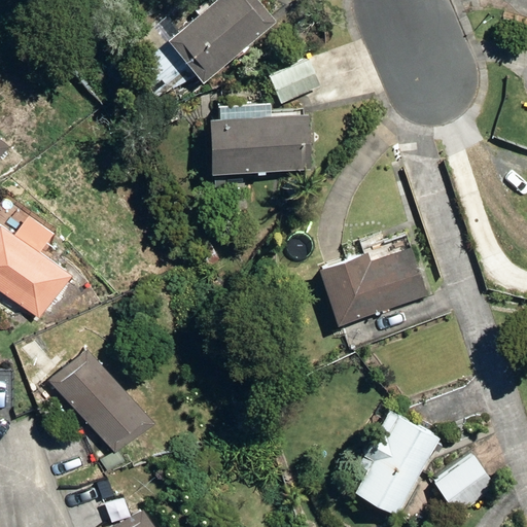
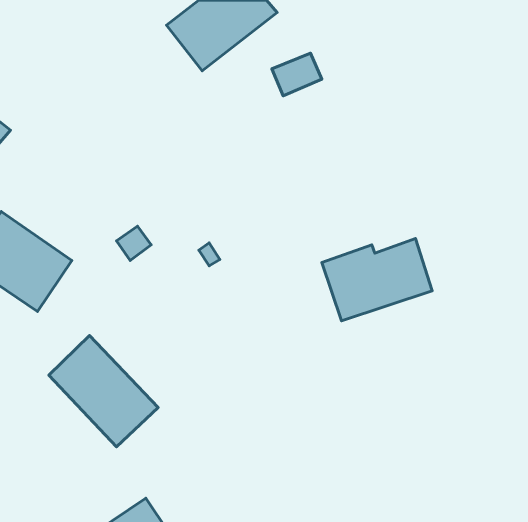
building: [213,115,309,172] -> none
building: [353,411,442,514] -> none
building: [433,457,497,519] -> none

